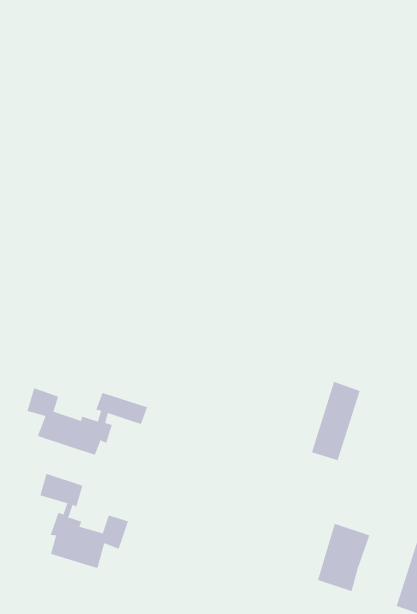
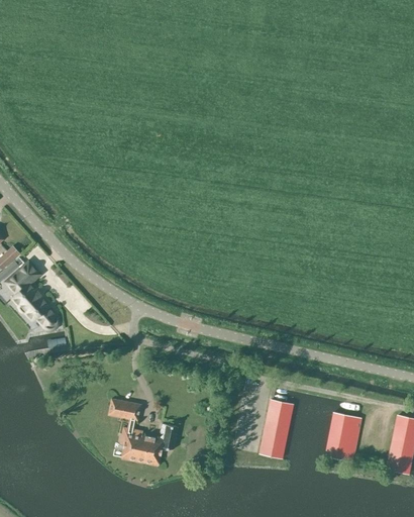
building: [311,381,360,461] -> [260,399,292,458]
building: [27,388,148,456] -> none

